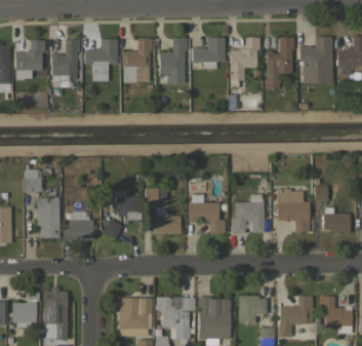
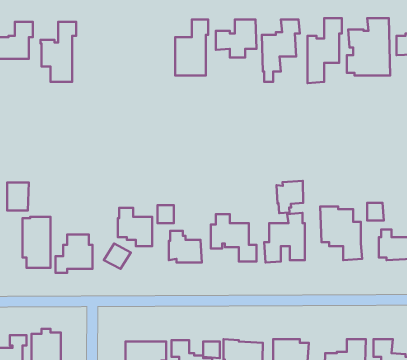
building: [122,38,153,82] -> none
building: [85,39,118,81] -> none
building: none -> [276,181,303,213]

